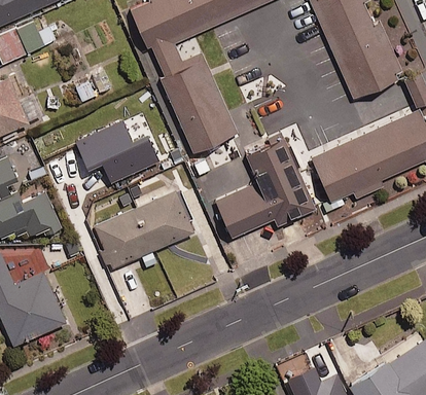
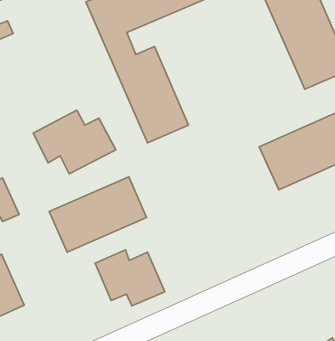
building: [216,138,315,236] -> none
building: none -> [95,250,165,306]

